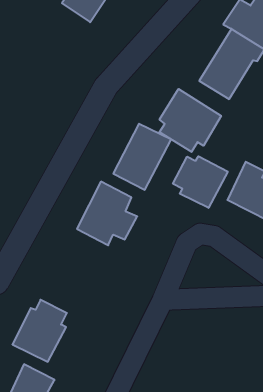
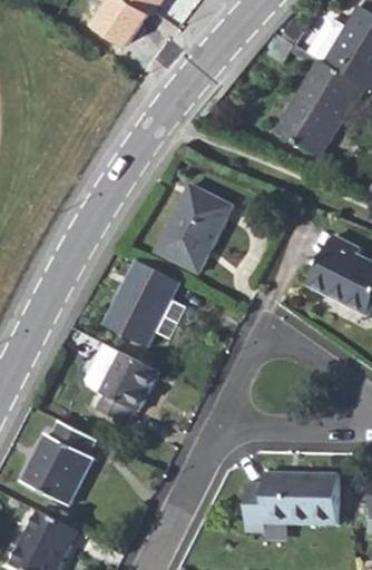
building: [160,89,221,152] -> none
building: [173,156,228,208] -> none
building: none -> [87,345,158,425]
building: none -> [243,473,335,530]

